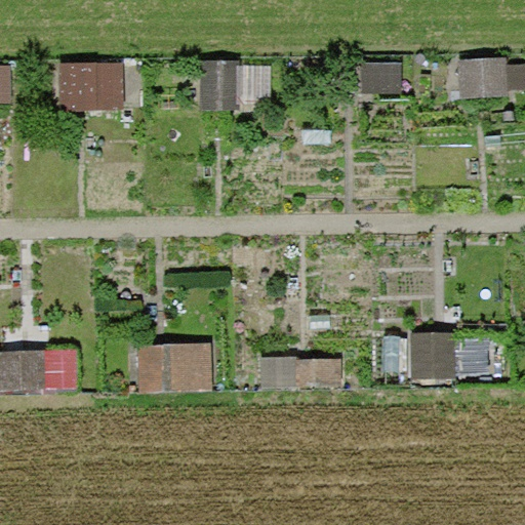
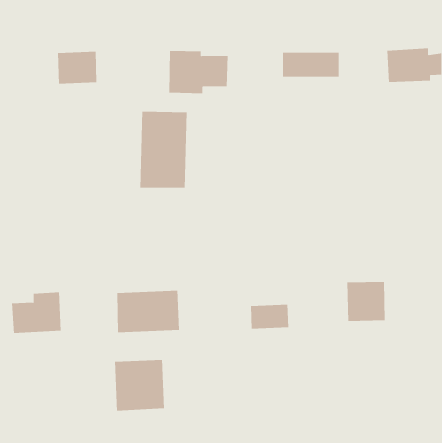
building: none -> [140,111,187,189]
building: none -> [114,359,164,412]

